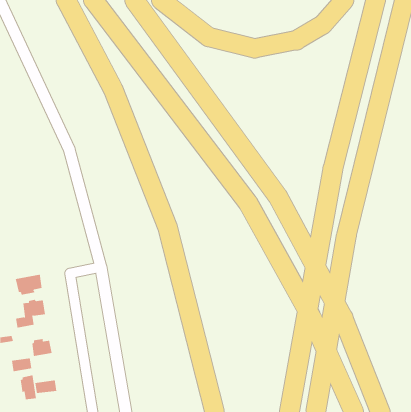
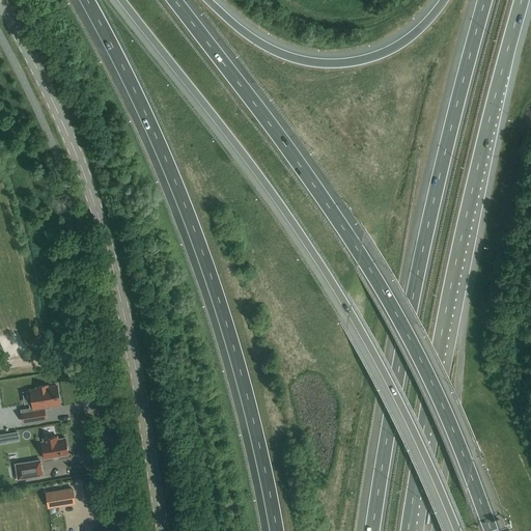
building: [15,274,42,295] -> none
building: [20,374,36,400] -> none

